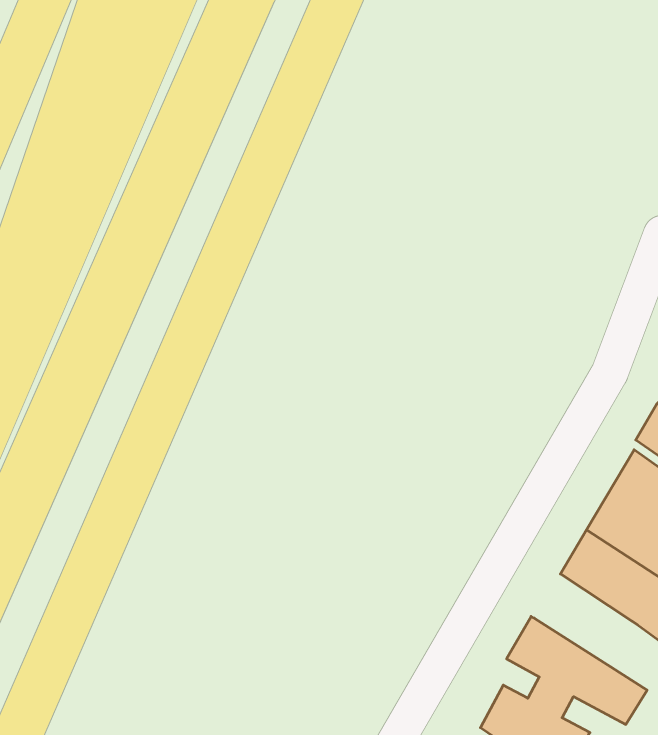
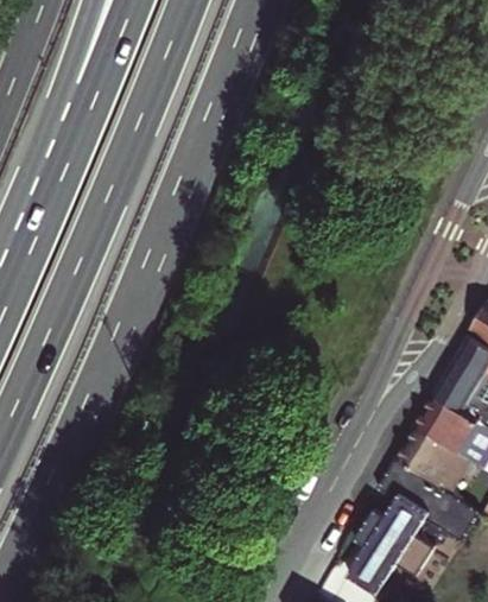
building: none -> [394,427,469,495]

